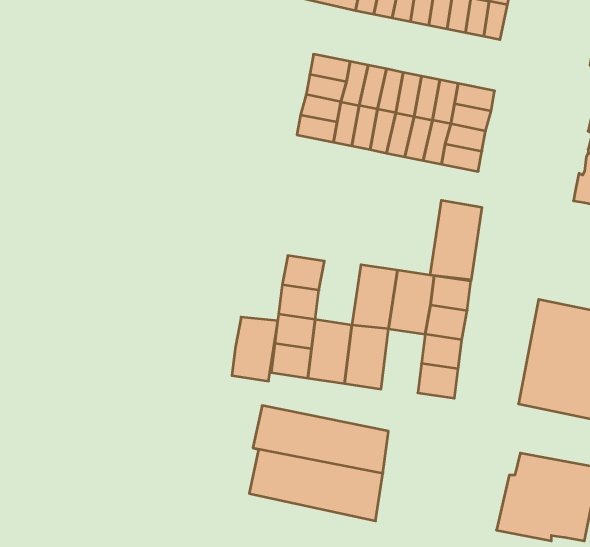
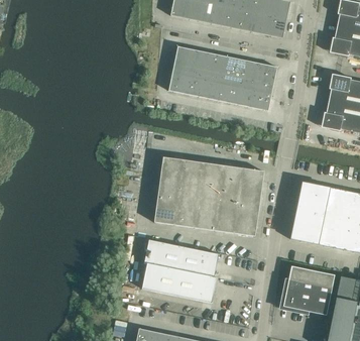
building: [430,200,482,280] -> none
building: [232,317,278,381] -> [178,159,204,195]
building: none -> [215,197,239,232]

